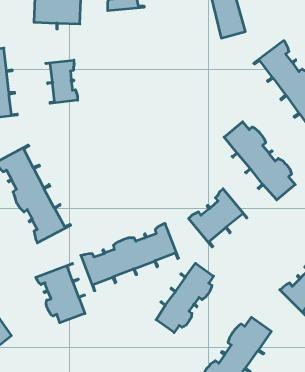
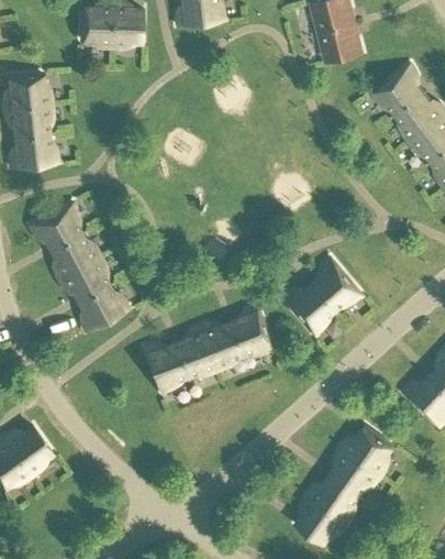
building: [46,60,78,103] -> none
building: [224,122,295,200] -> none
building: [156,263,214,333] -> none
building: [36,263,85,323] -> none

